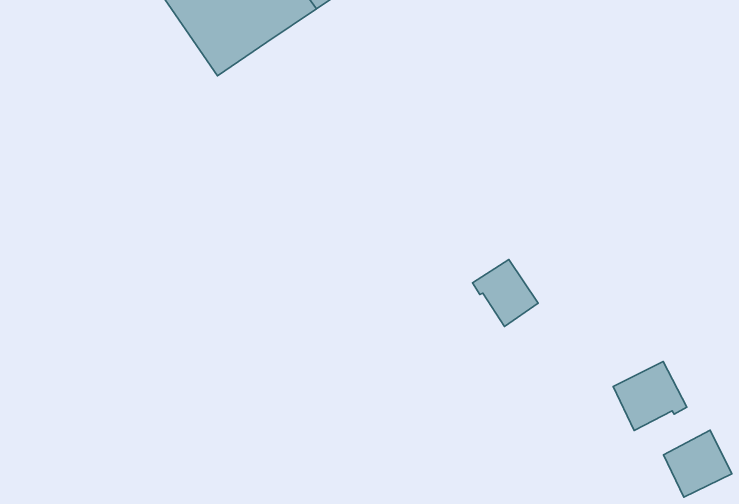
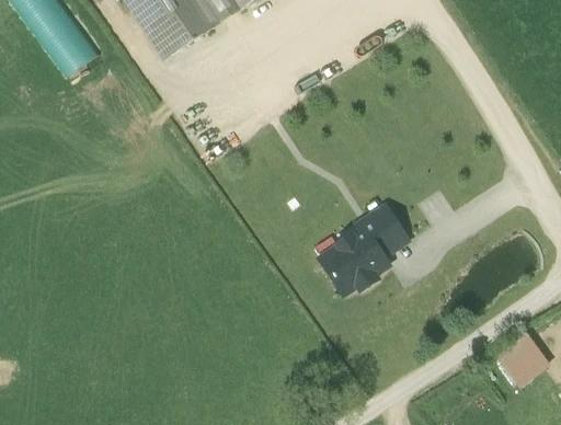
building: none -> [321,225,386,287]
building: [613,361,687,430] -> none

